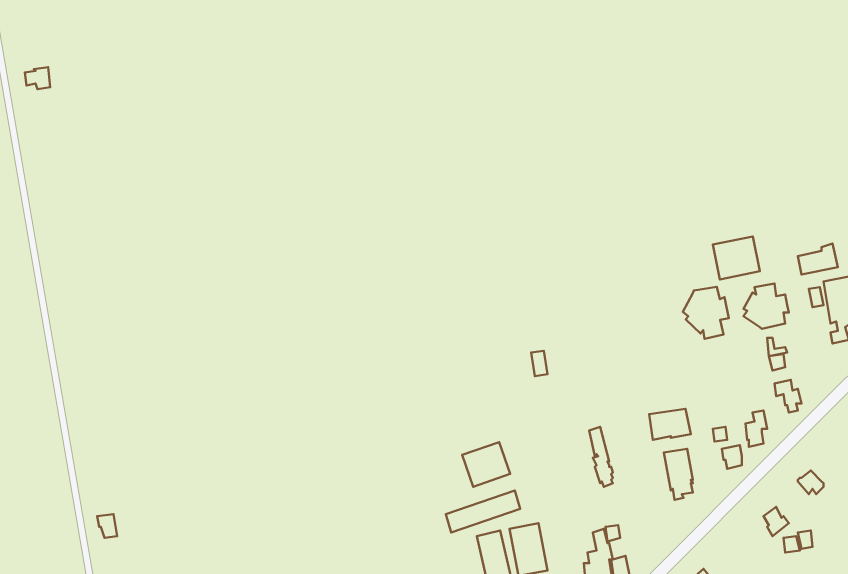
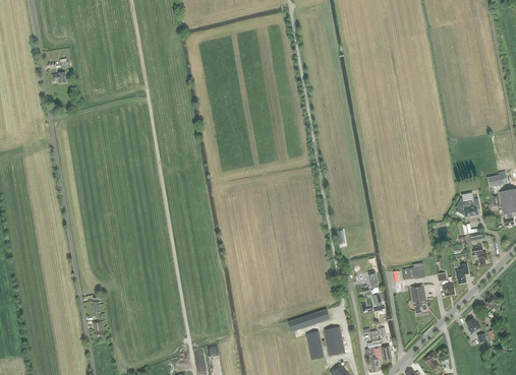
building: [713,237,760,279] -> none
building: [683,287,729,339] -> none
building: [462,442,510,487] -> none

